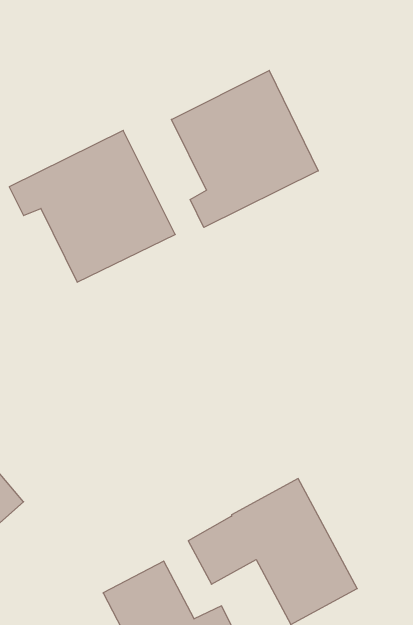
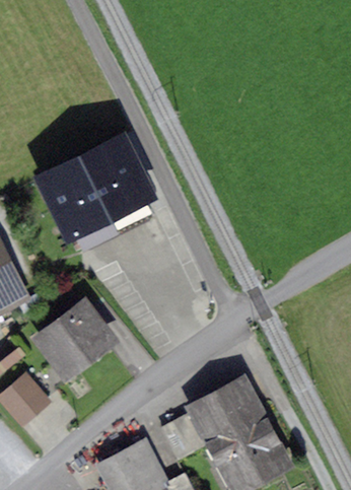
building: [171,70,318,227] -> none
building: none -> [44,296,109,367]

